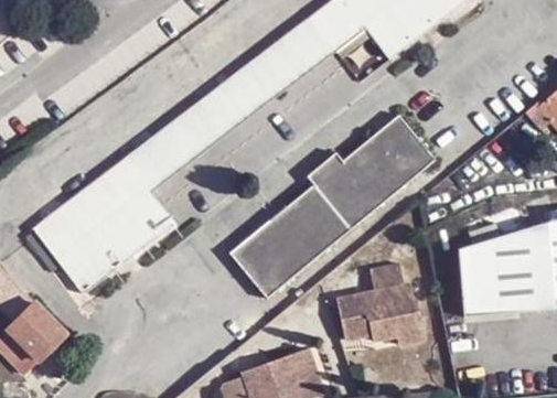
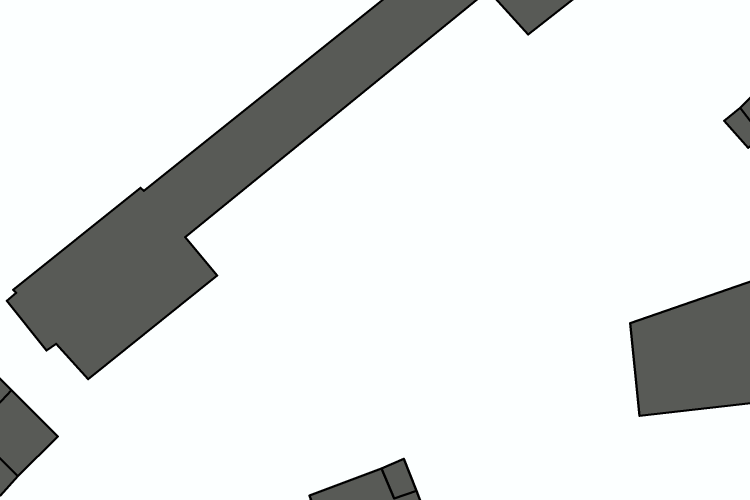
building: [229,114,438,298] -> none
building: [338,263,426,344] -> none

